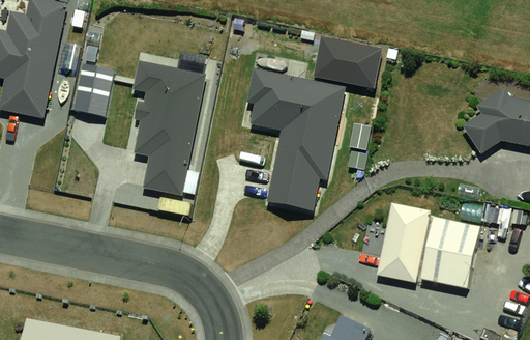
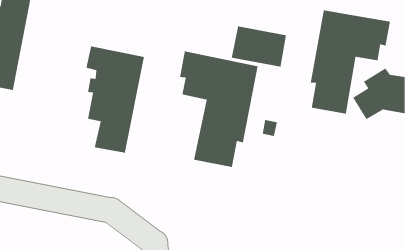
building: none -> [310,9,391,115]
building: [73,63,114,115] -> none
building: [375,202,479,289] -> none

